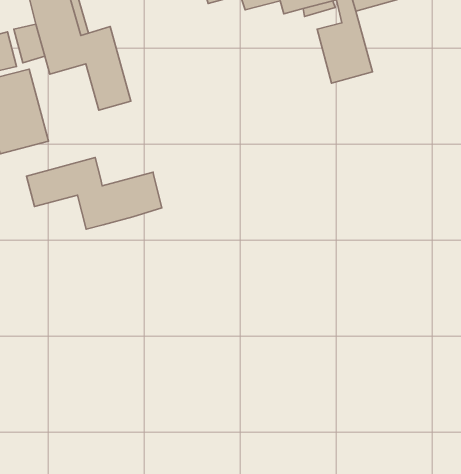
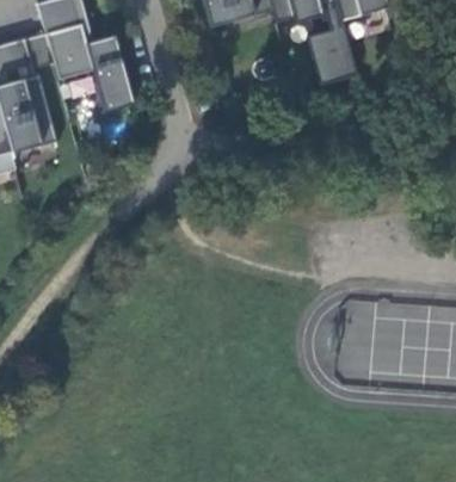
building: [26,157,162,229] -> none

